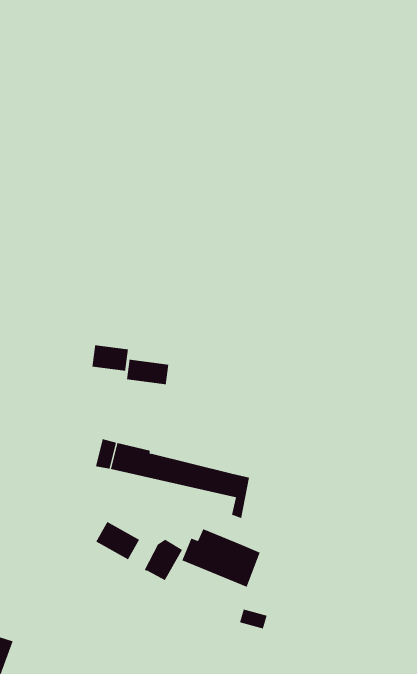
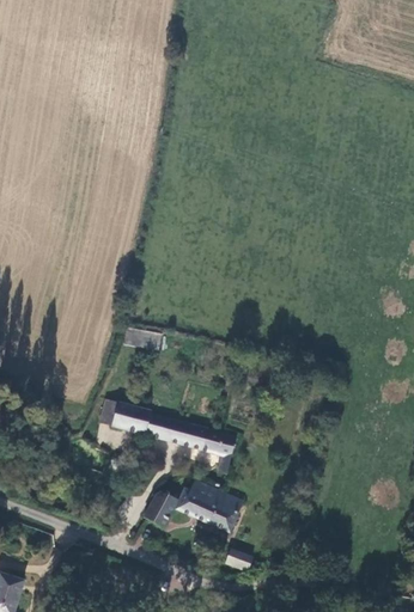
building: [92,344,129,372] -> none
building: [96,521,140,560] -> none

